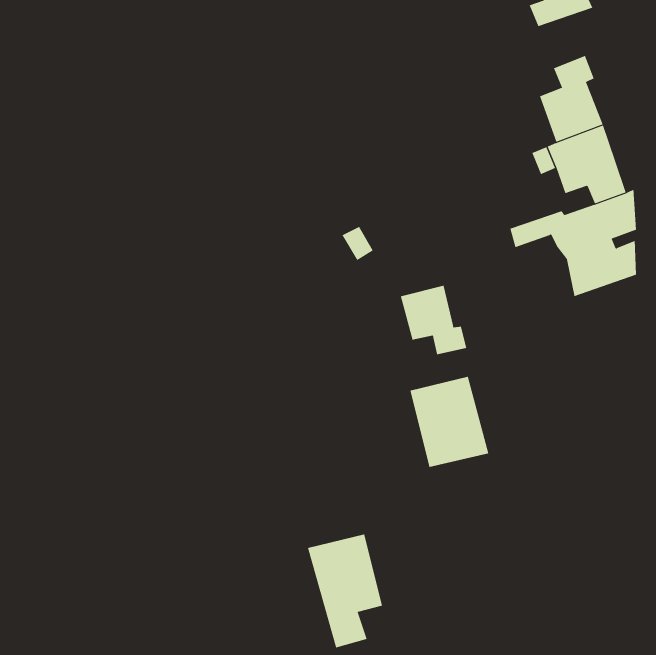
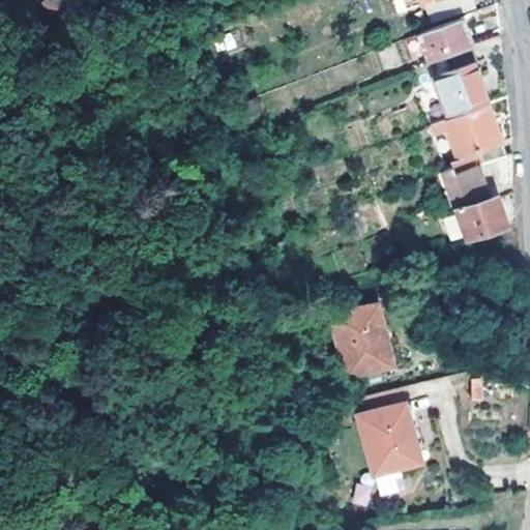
building: none -> [420,17,472,61]
building: [400,285,467,355] -> none
building: [307,534,383,648] -> [357,406,418,498]

